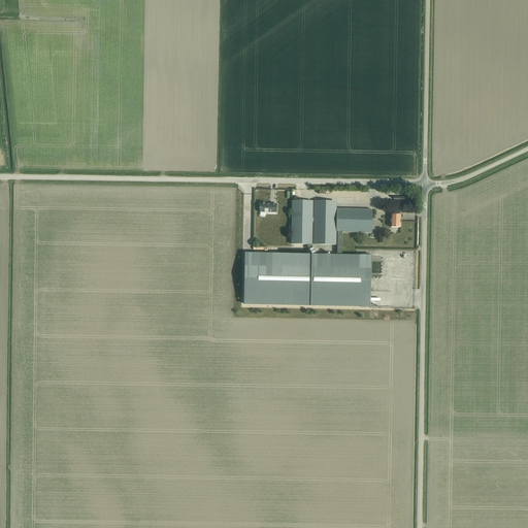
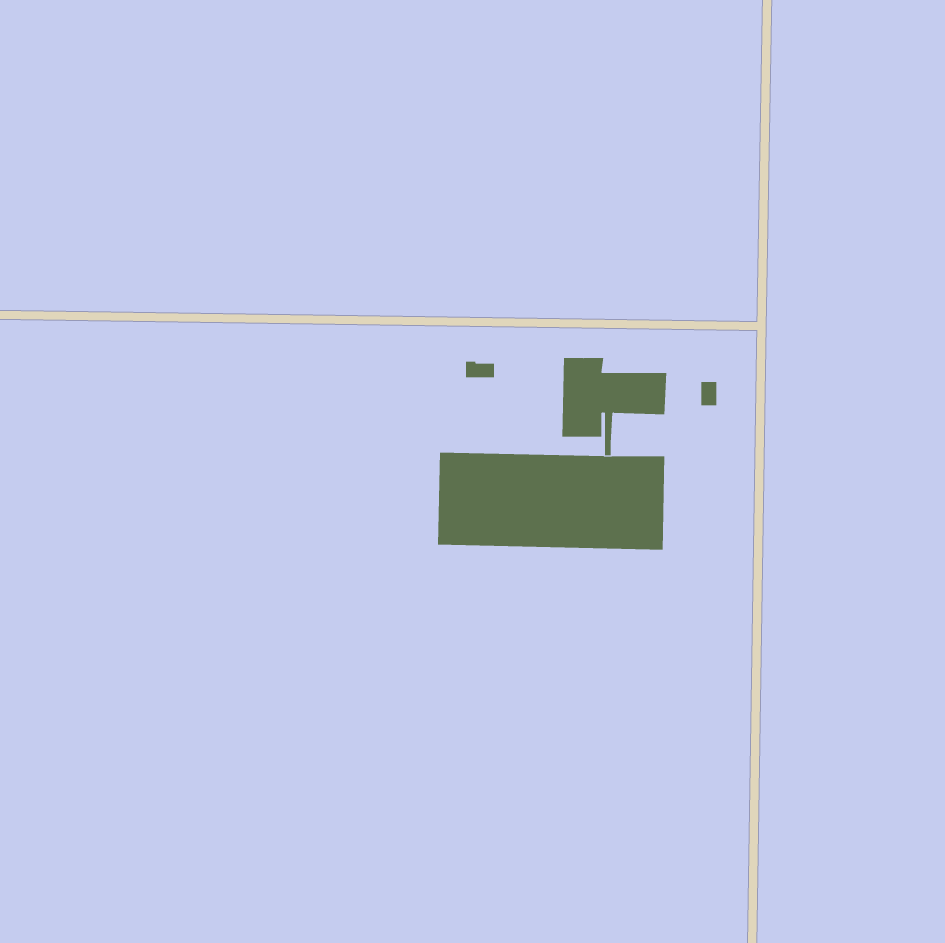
building: [290,199,311,243] -> none

